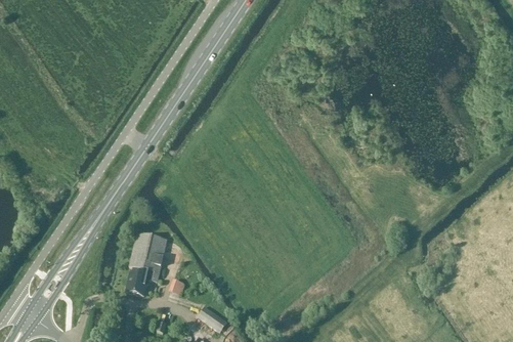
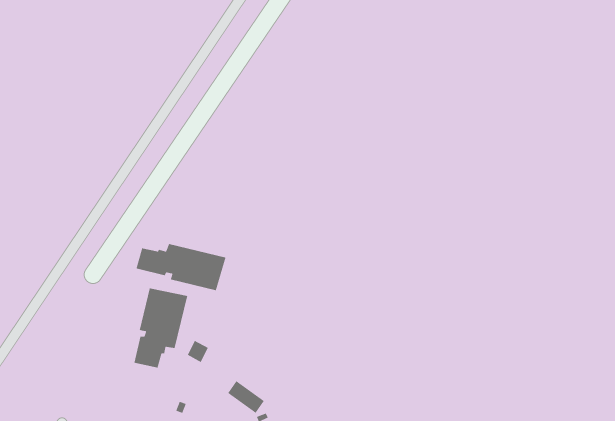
building: none -> [135,243,227,291]

